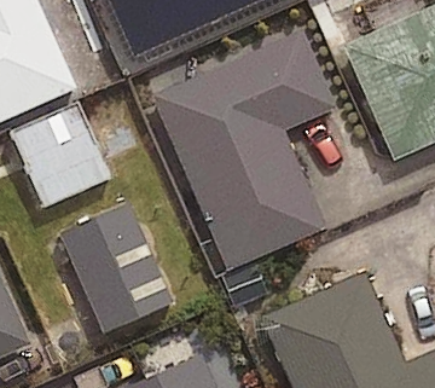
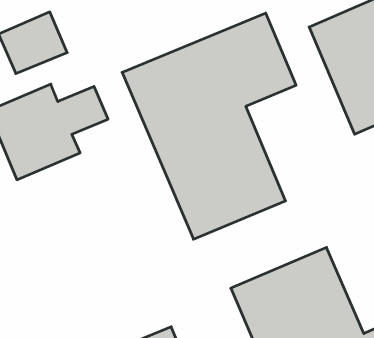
building: [59,205,170,332] -> none

